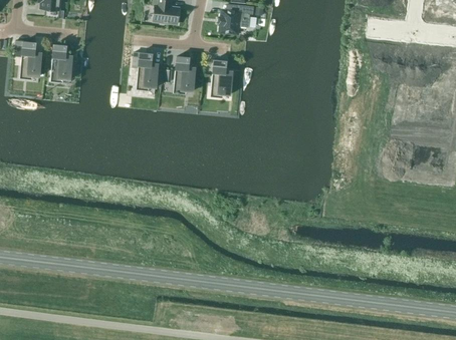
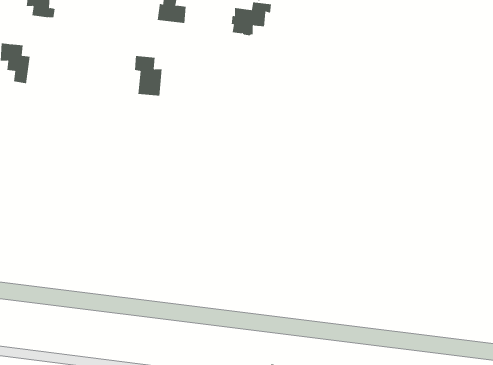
building: [50,45,72,83] -> none
building: [174,56,195,91] -> none
building: [211,60,232,95] -> none

